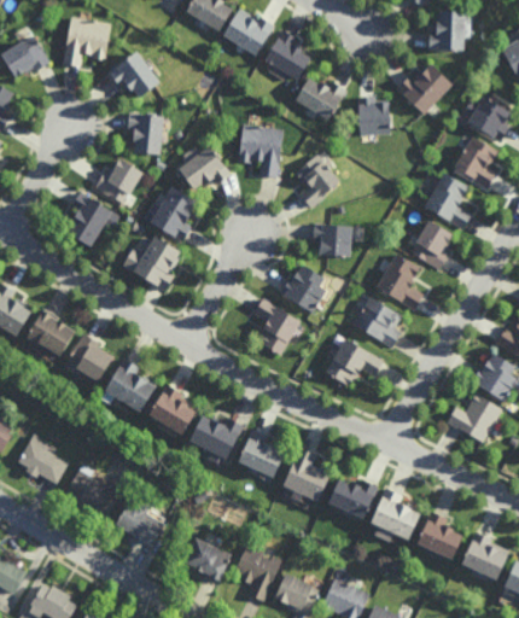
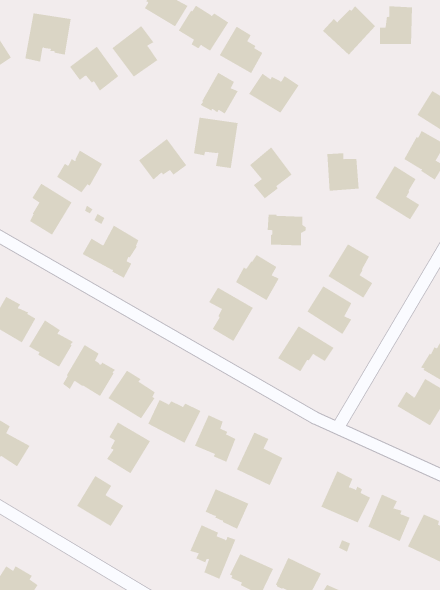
building: none -> [112,25,158,77]
building: [396,62,451,113] -> [322,5,376,55]
building: none -> [200,72,238,114]
building: [356,95,390,135] -> [327,153,359,191]
building: [127,112,164,153] -> none
building: [151,186,197,240] -> none
building: [410,220,451,268] -> none
building: none -> [106,421,151,474]
building: [68,462,112,509] -> none
building: [326,479,377,521] -> none
building: [185,538,231,581] -> [205,488,249,529]

